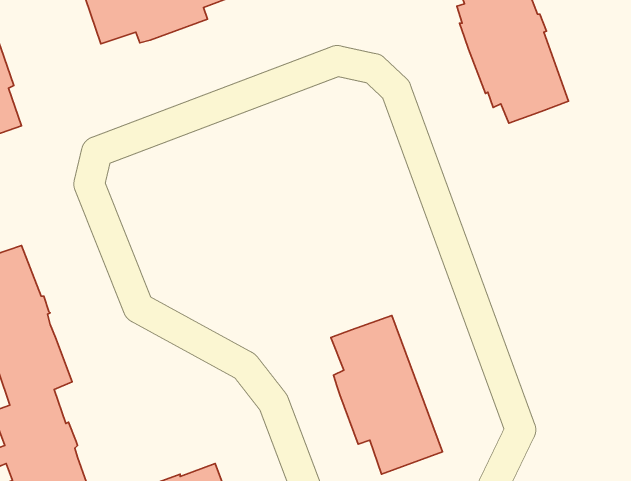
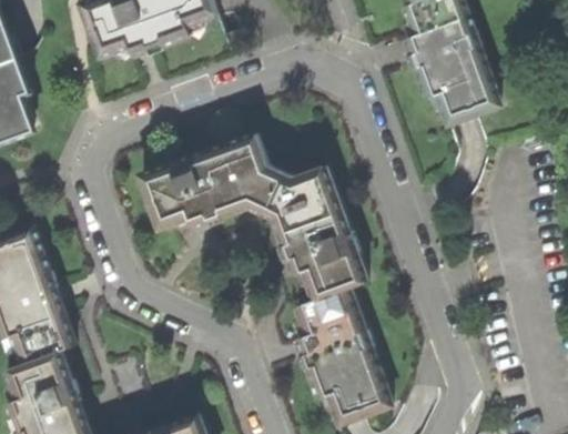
building: none -> [141,131,367,297]

